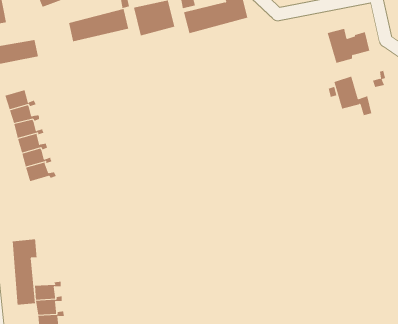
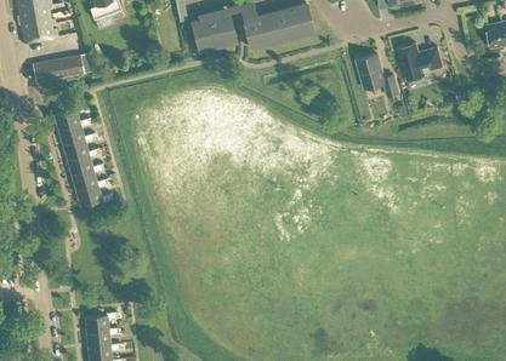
building: [68,8,129,42] -> none
building: [334,76,372,116] -> [357,53,398,96]
building: [12,239,37,305] -> none

